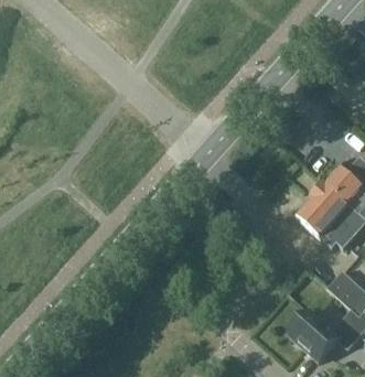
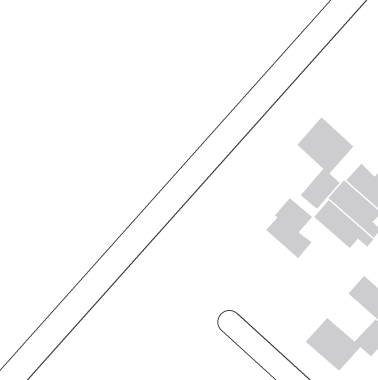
building: none -> [296,116,354,210]
building: none -> [265,197,313,259]

